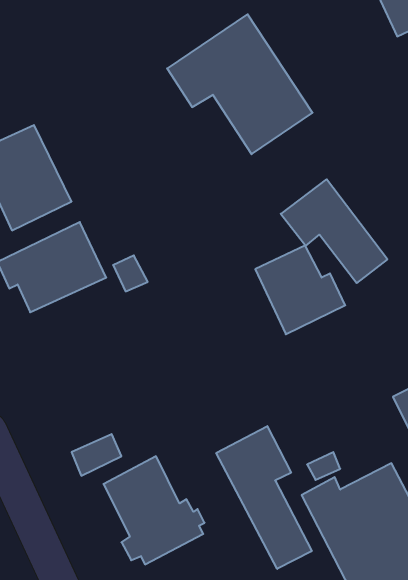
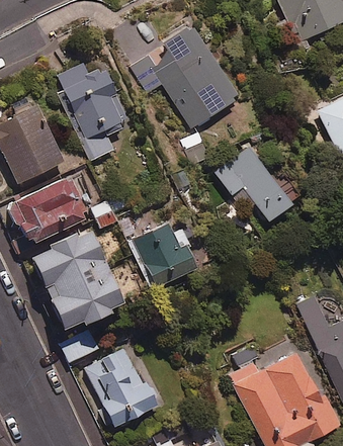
building: none -> [59,64,128,159]
building: [255,246,345,334] -> [131,225,196,289]
building: none -> [32,232,122,329]
building: [216,426,312,569] -> none

